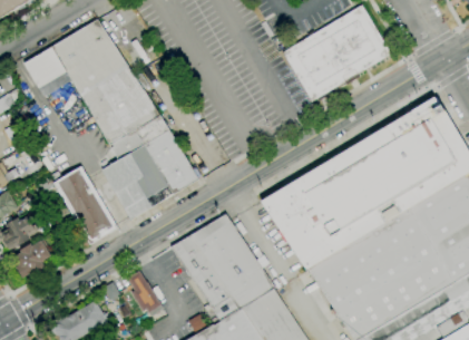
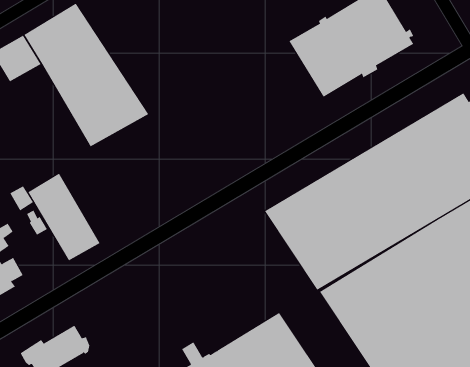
building: [101,115,198,218] -> none
building: [170,213,275,321] -> none
building: [128,271,164,315] -> none

